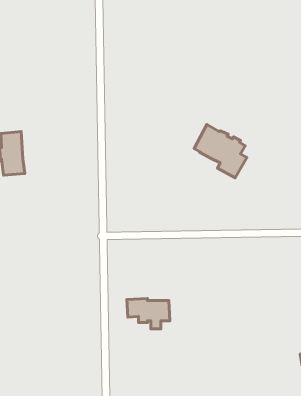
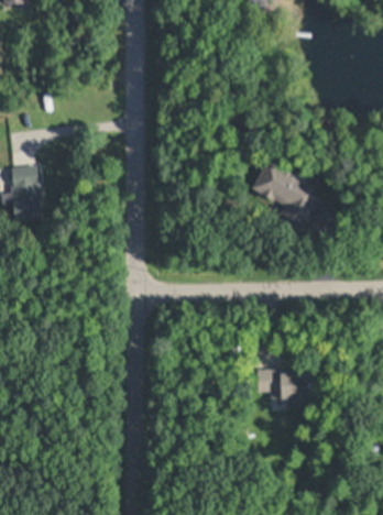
building: [127,299,170,329] -> [256,370,309,407]

